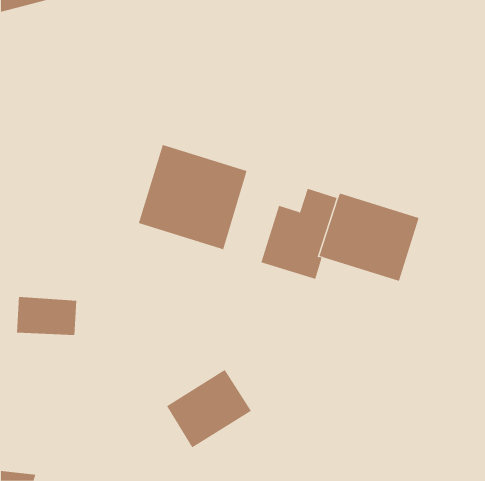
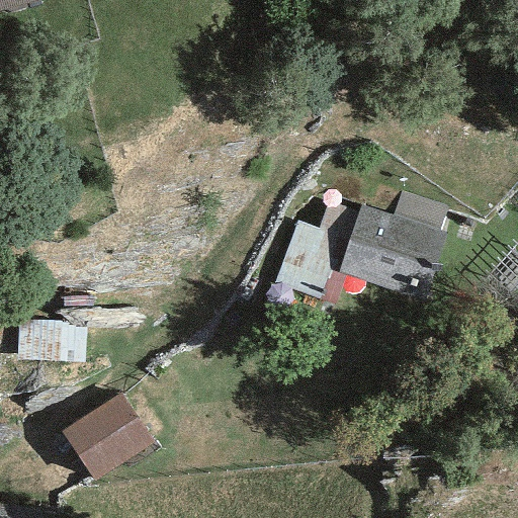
building: [138,144,247,250] -> none
building: [166,369,252,448] -> [64,394,155,478]

